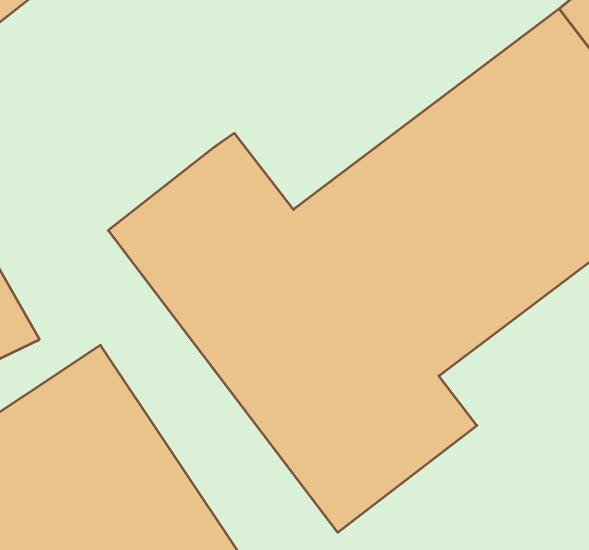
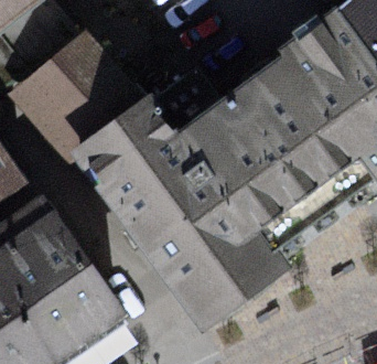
building: none -> [15,34,128,147]

